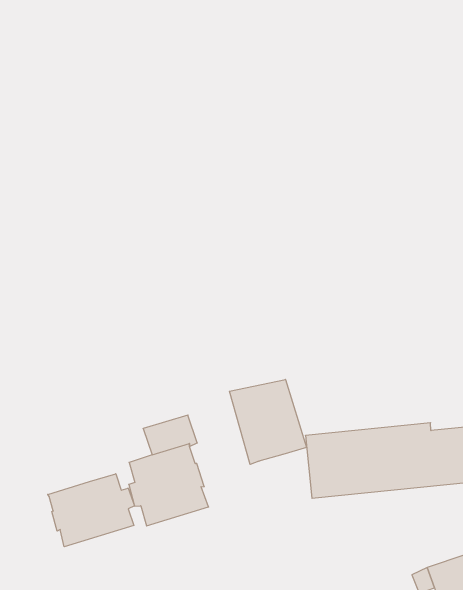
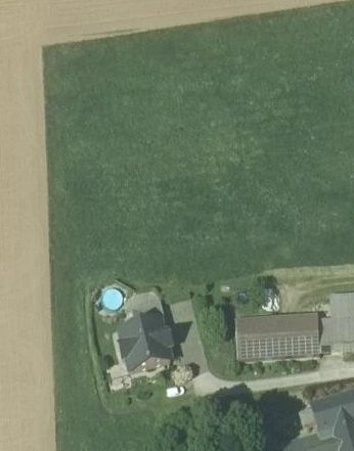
building: [229,379,307,464] -> none
building: [48,474,134,547] -> none

